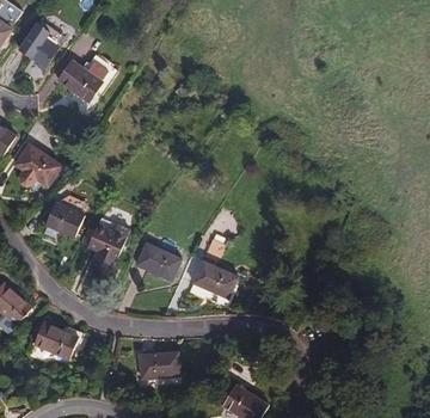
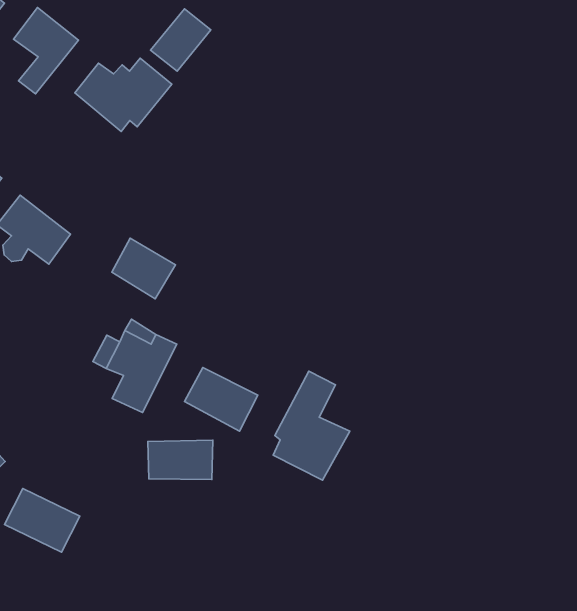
building: none -> [151,9,211,71]
building: [47,201,85,236] -> [112,238,175,299]
building: [141,351,182,377] -> [148,440,213,479]

